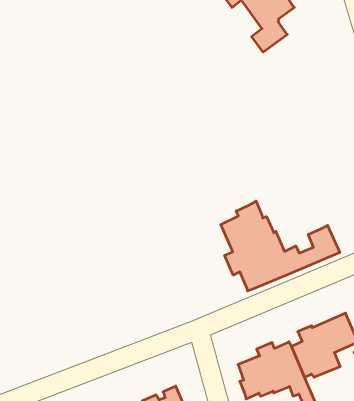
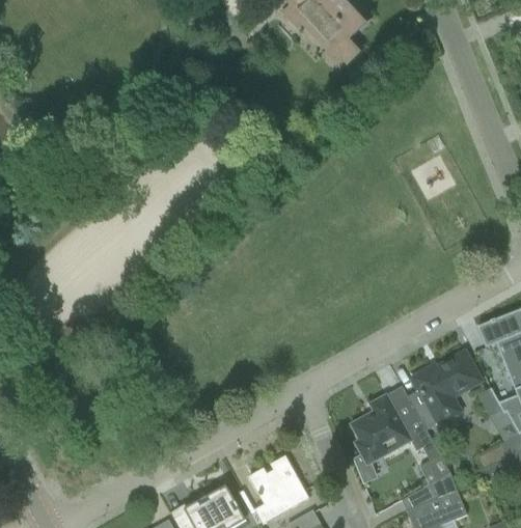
building: [221,201,340,291] -> none

